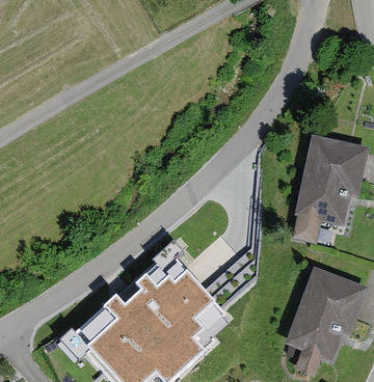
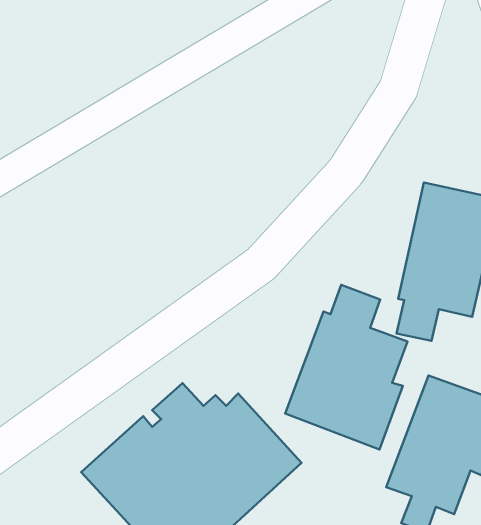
building: none -> [285,285,407,450]

